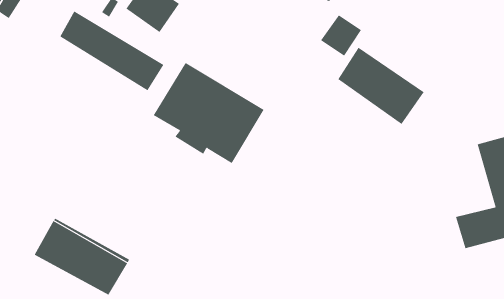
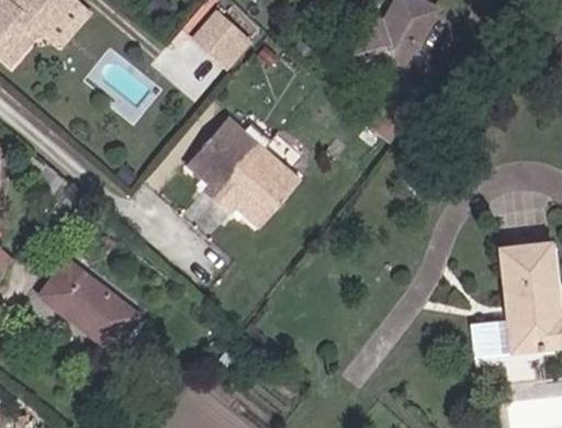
building: [60,10,164,91] -> none
building: [337,47,425,125] -> none

